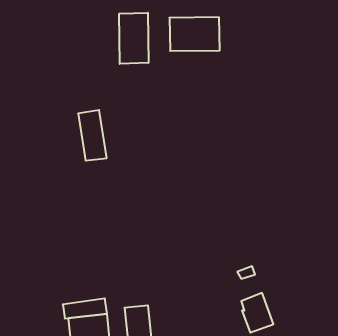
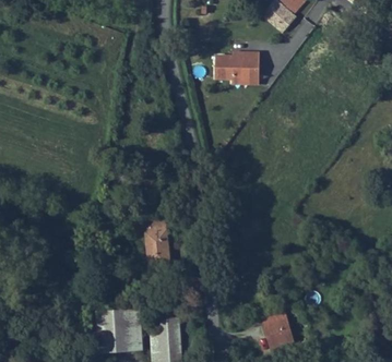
building: [119,13,148,64] -> none
building: [78,110,107,161] -> [144,218,168,264]

